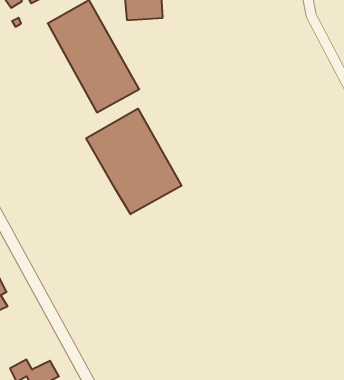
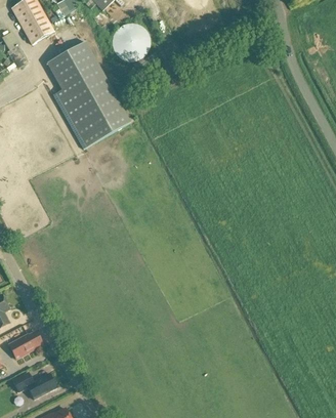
building: [86,109,181,214] -> none
building: none -> [9,332,41,359]

